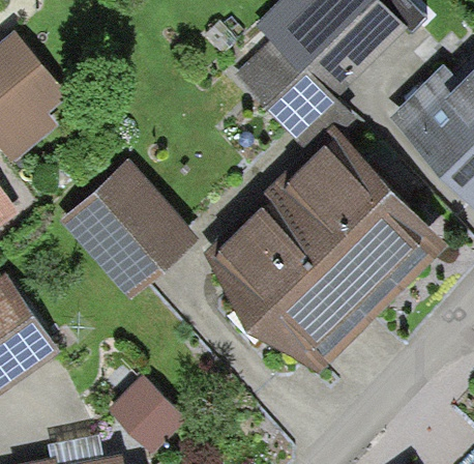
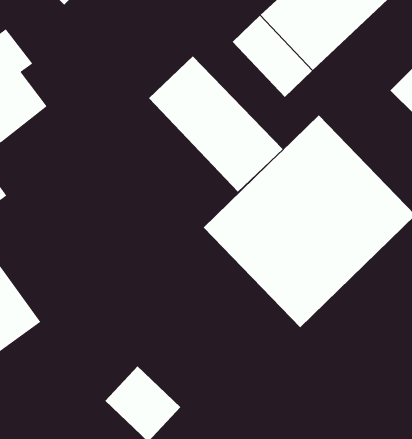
building: none -> [148,56,283,192]
building: [73,182,192,301] -> none

